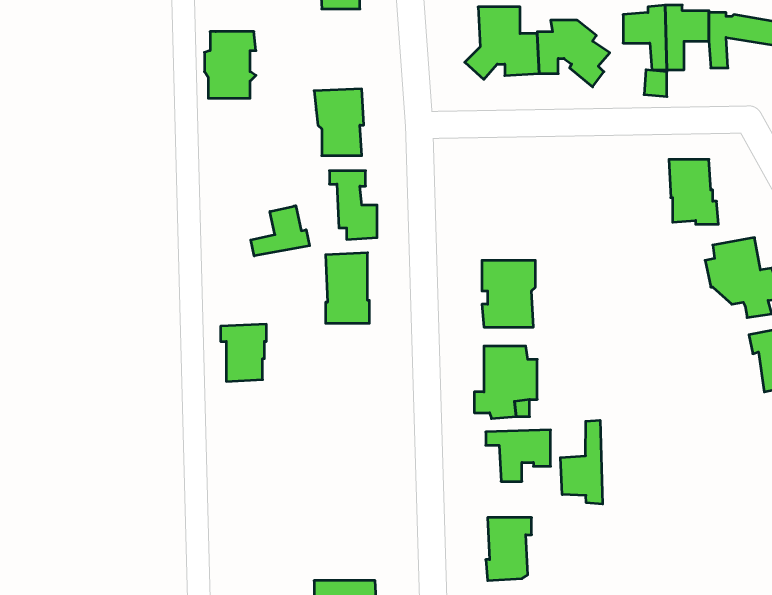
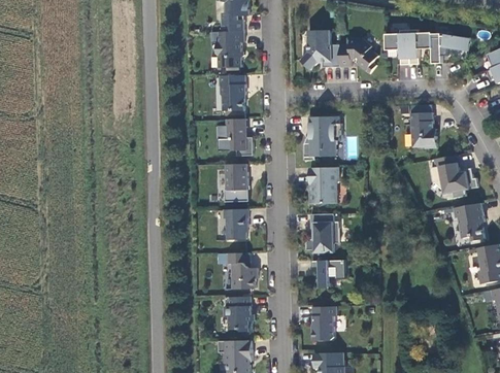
building: [204,32,256,98] -> [216,31,244,67]
building: none -> [303,115,342,160]
building: [251,206,310,256] -> none
building: [221,324,266,381] -> [224,208,248,239]
building: none -> [228,252,258,289]
building: [560,420,603,504] -> none
building: none -> [223,296,255,331]

